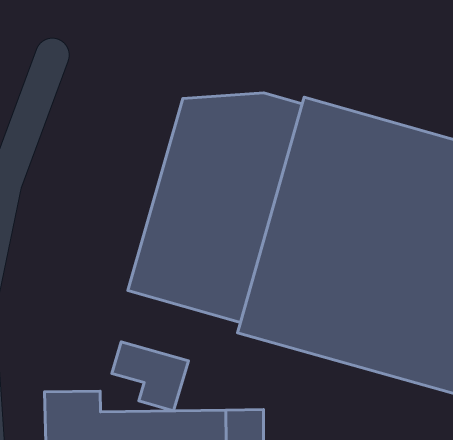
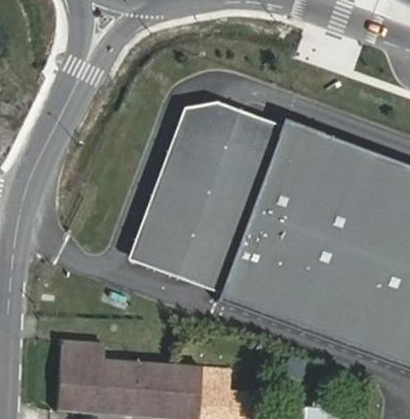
building: [112,342,188,411] -> none

